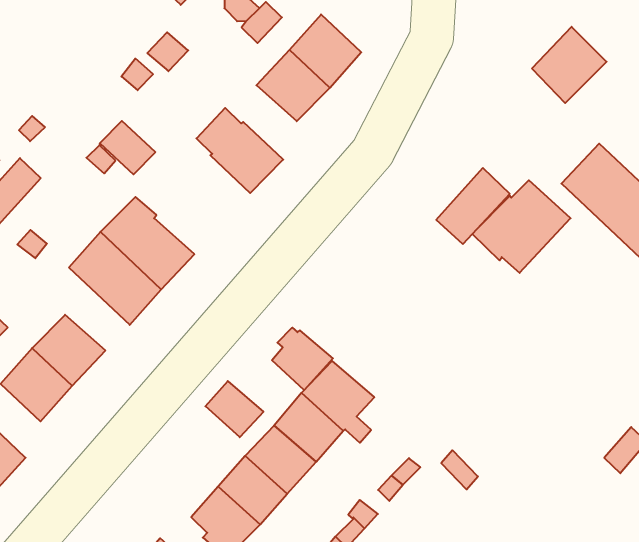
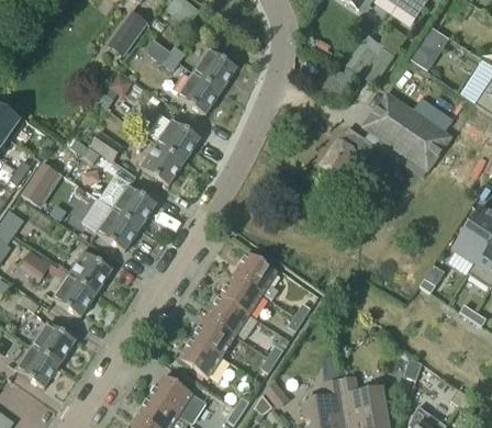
building: none -> [141,142,183,184]
building: [436,168,510,244] -> none
building: [272,328,333,390] -> none
building: [205,381,263,437] -> none

